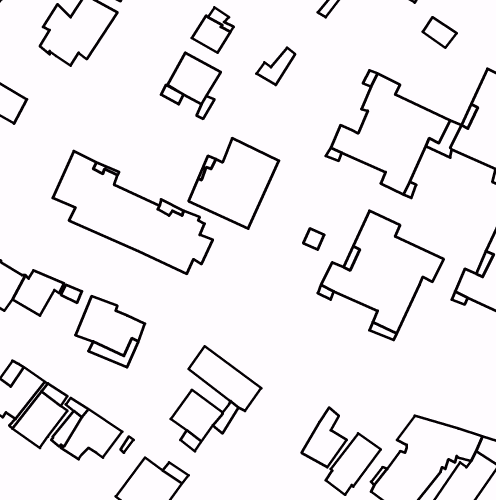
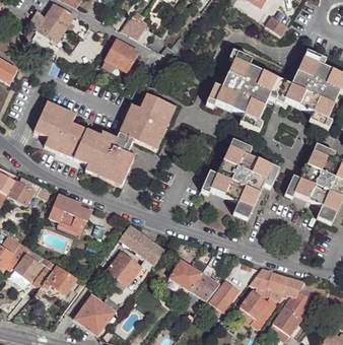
building: none -> [168,260,201,291]

